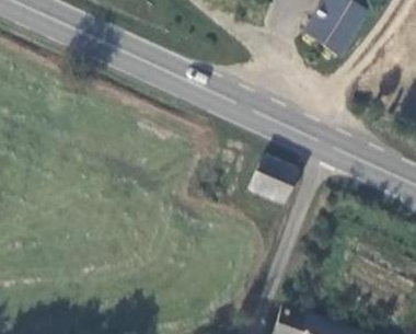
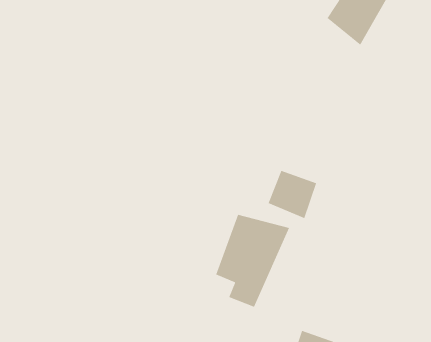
building: none -> [215,214,290,308]

